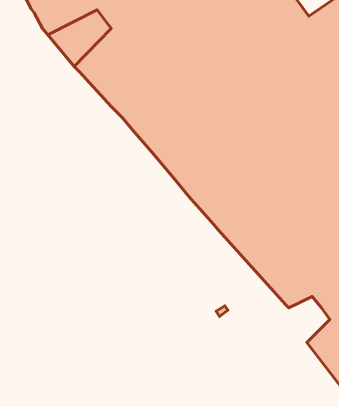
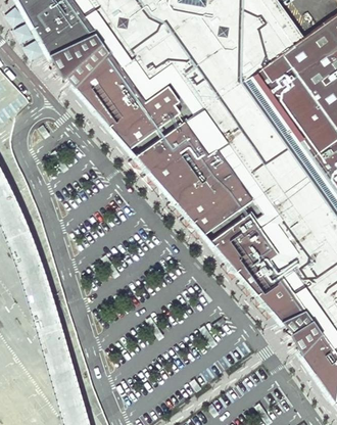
building: none -> [284,311,324,356]

